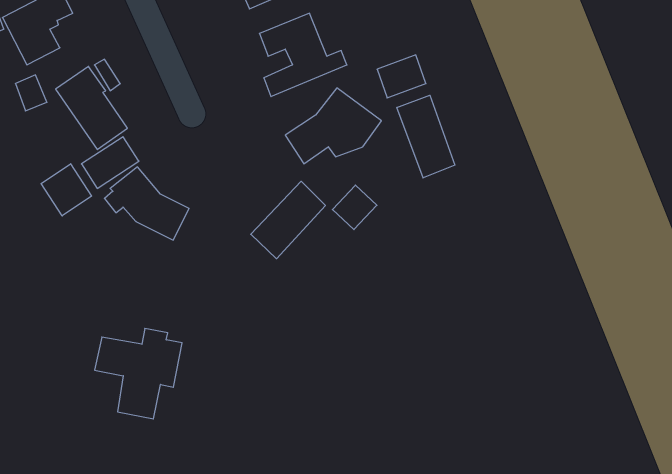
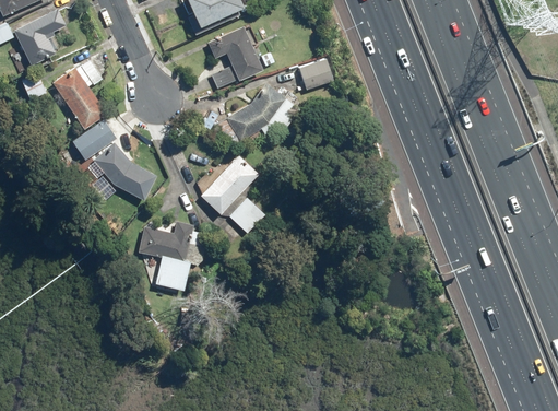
building: [397,95,455,178] -> none
building: [41,164,92,216] -> none
building: [332,185,377,230] -> [229,200,263,234]
building: [95,328,182,419] -> [139,221,205,290]

